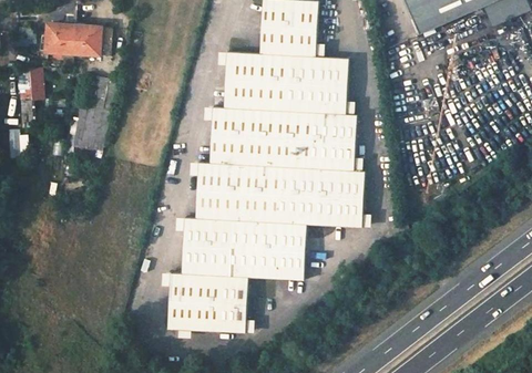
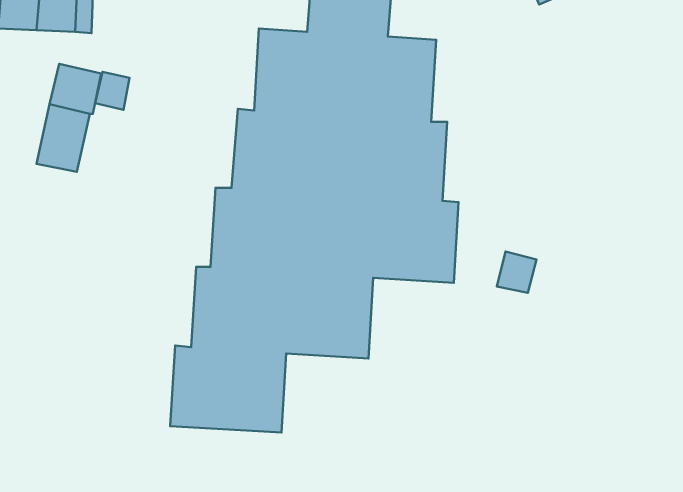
building: none -> [95,72,130,110]
building: none -> [497,252,536,293]

